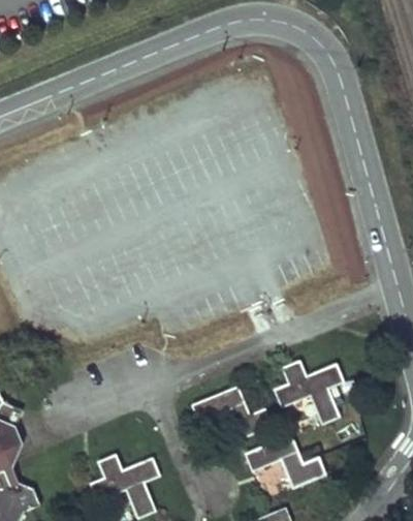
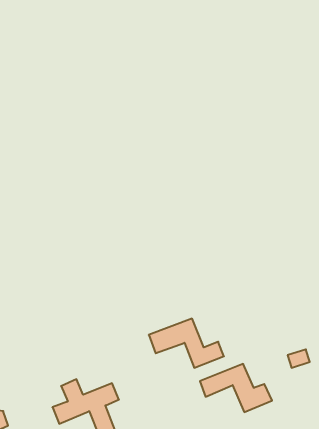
building: [274,364,344,429] -> none

